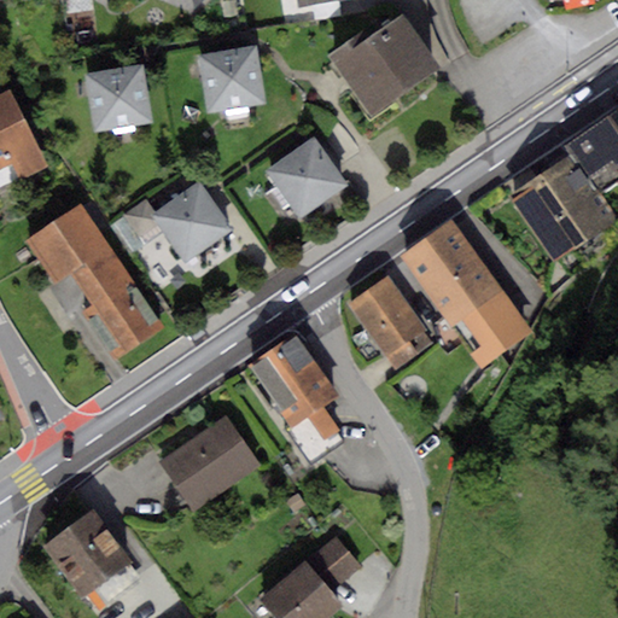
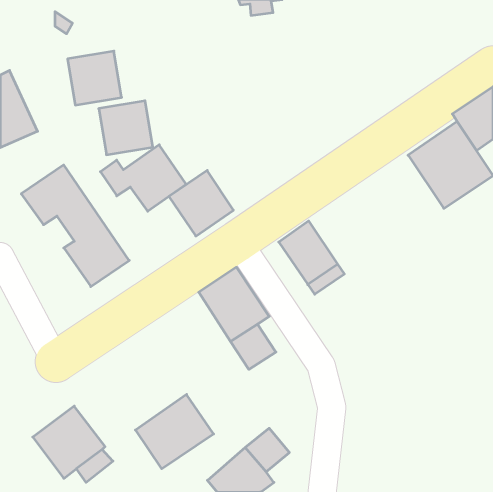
building: [327,12,438,113] -> none
building: [196,43,263,111] -> [99,101,153,155]
building: [264,136,345,218] -> [169,170,233,236]
building: [402,220,530,367] -> none
building: [161,416,258,509] -> [135,394,214,469]

